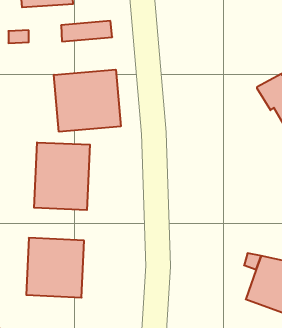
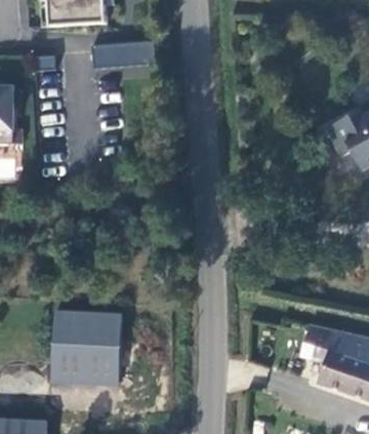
building: [54,70,121,132] -> none
building: [34,142,90,210] -> none

